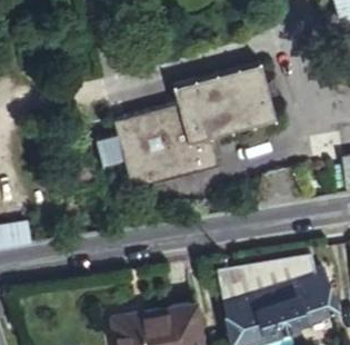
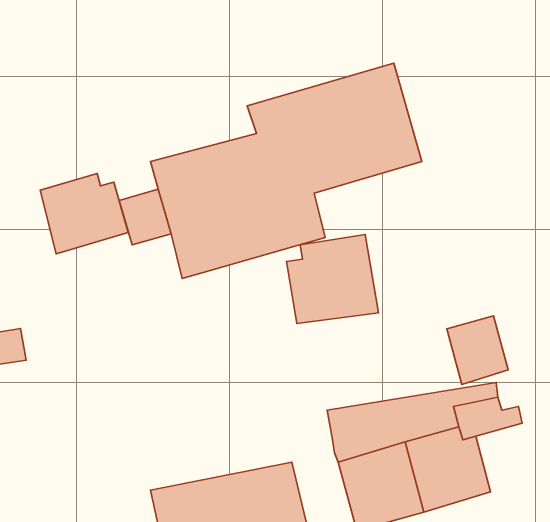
building: none -> [40,174,128,254]
building: none -> [287,235,379,324]
building: [302,280,339,322] -> [447,316,508,385]

